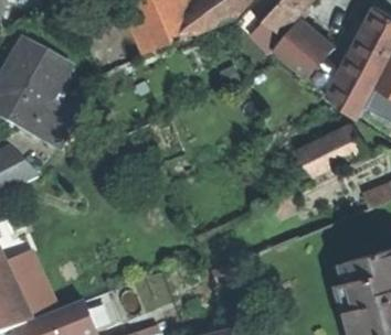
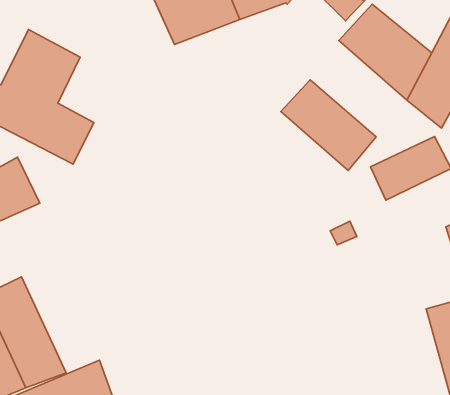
building: none -> [281,80,376,170]

